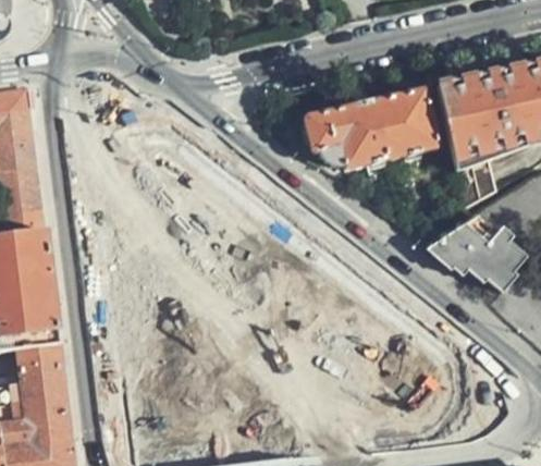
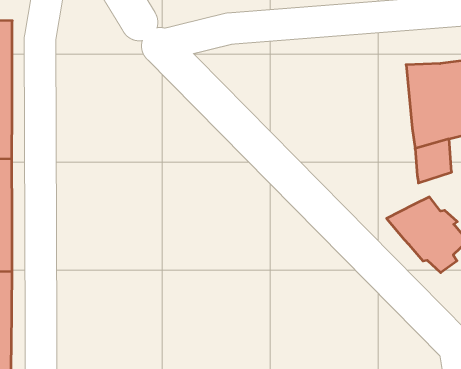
building: [304,88,440,169] -> none

